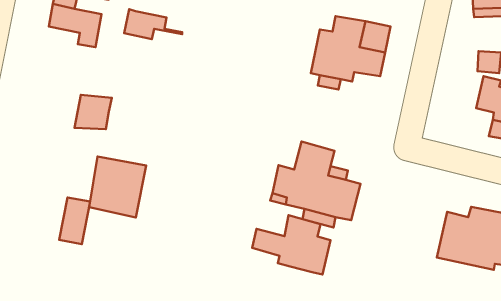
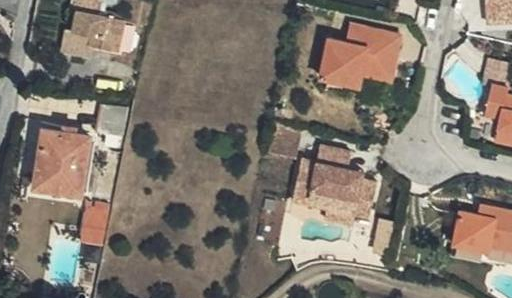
building: [124,9,182,39] -> [61,30,117,59]
building: [89,156,146,217] -> [42,131,97,190]
building: [252,215,331,275] -> none

